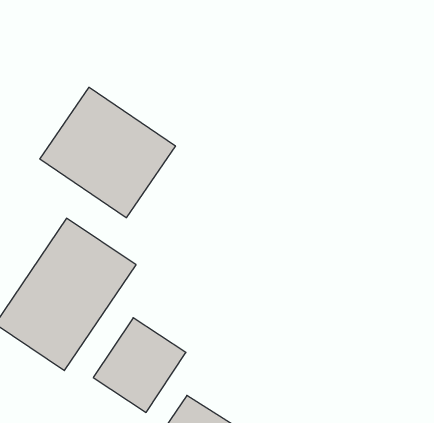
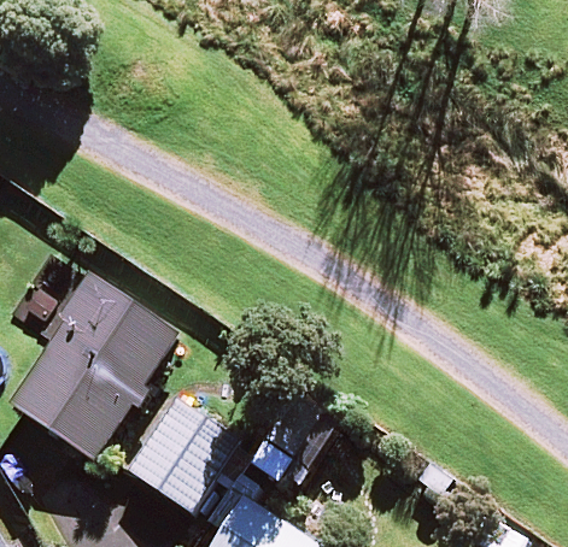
building: [40,87,175,218] -> none

